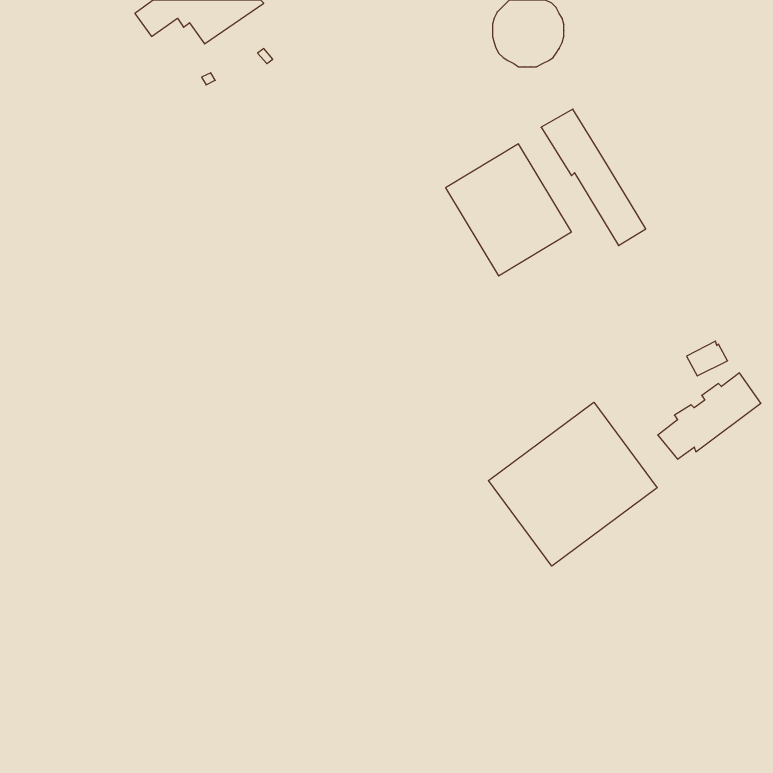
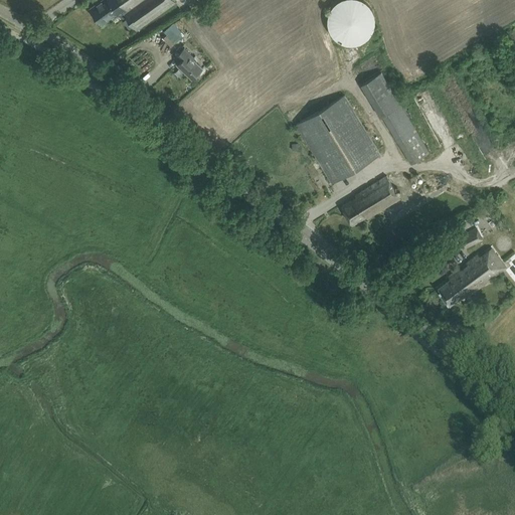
building: none -> [176,49,202,79]
building: none -> [341,177,399,224]
building: [488,402,657,566] -> none

